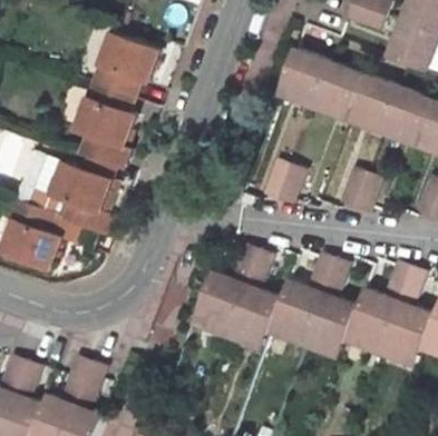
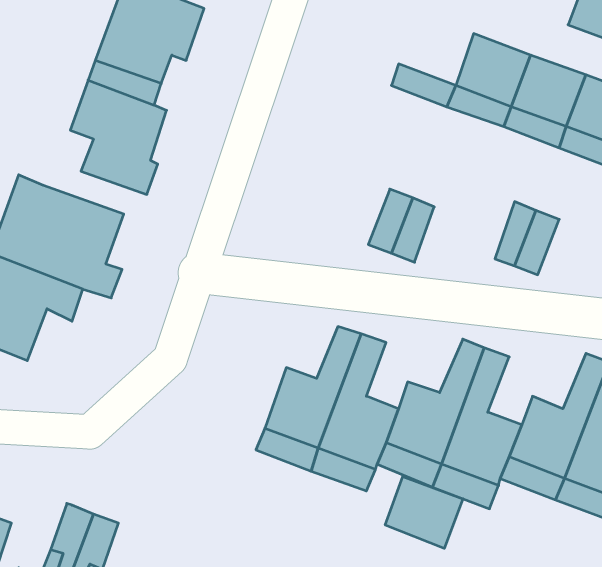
building: [281,50,328,95] -> none
building: none -> [385,476,463,548]

